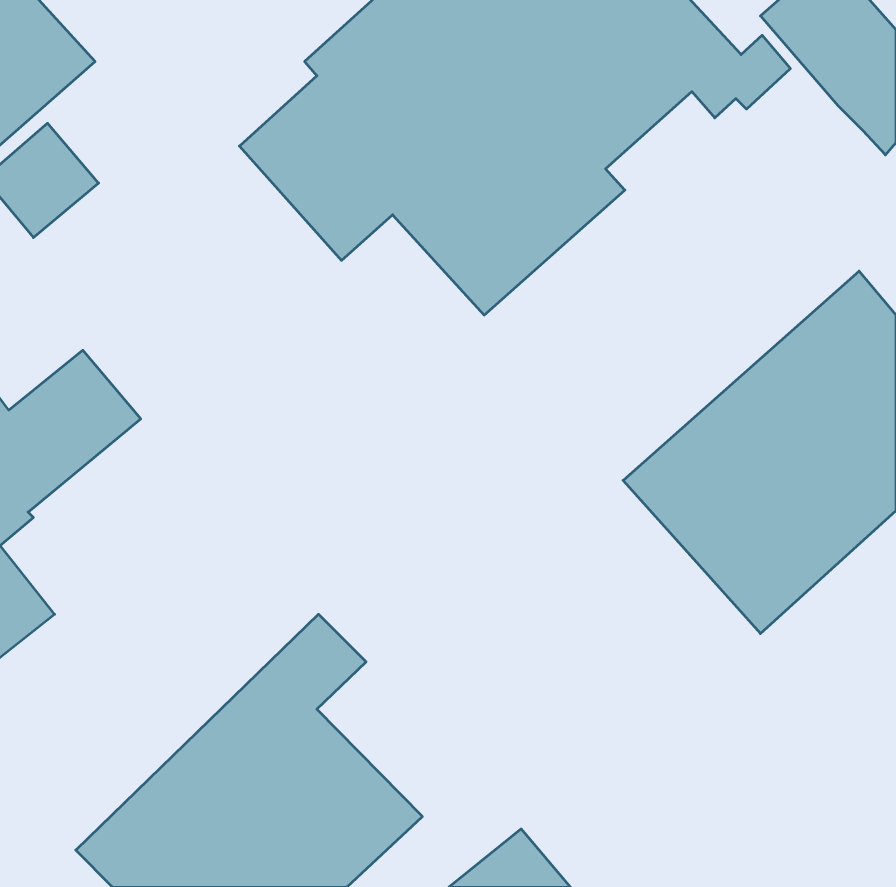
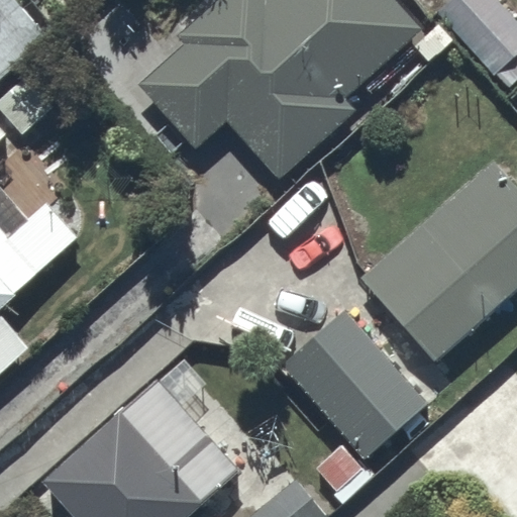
building: none -> [280,307,430,463]

